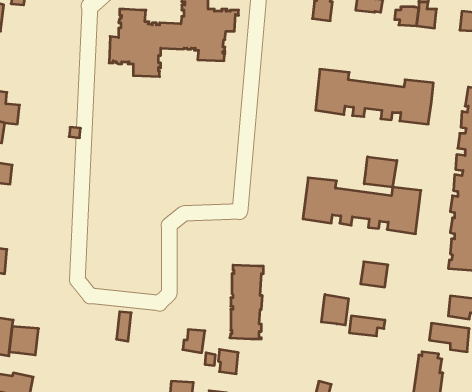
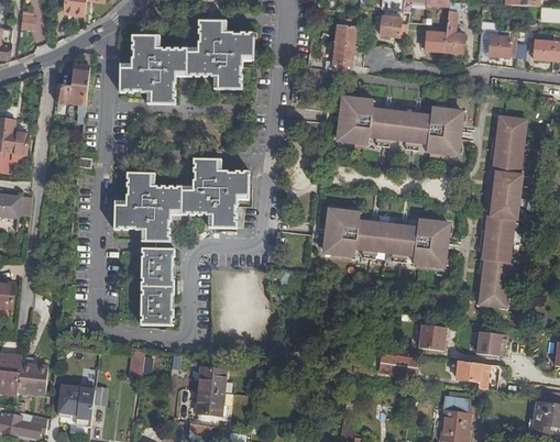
building: none -> [332,44,353,71]
building: none -> [55,53,91,114]
building: none -> [116,158,251,242]
building: [364,157,397,187] -> none
building: [361,262,388,287] -> [418,325,447,352]
building: [230,265,263,339] -> [140,248,175,325]
building: [321,294,348,325] -> none
building: none -> [59,385,96,428]
building: [218,349,238,374] -> [198,389,219,415]

